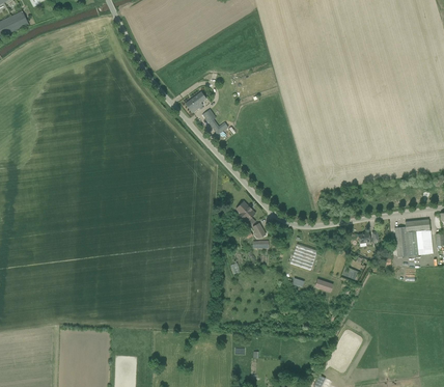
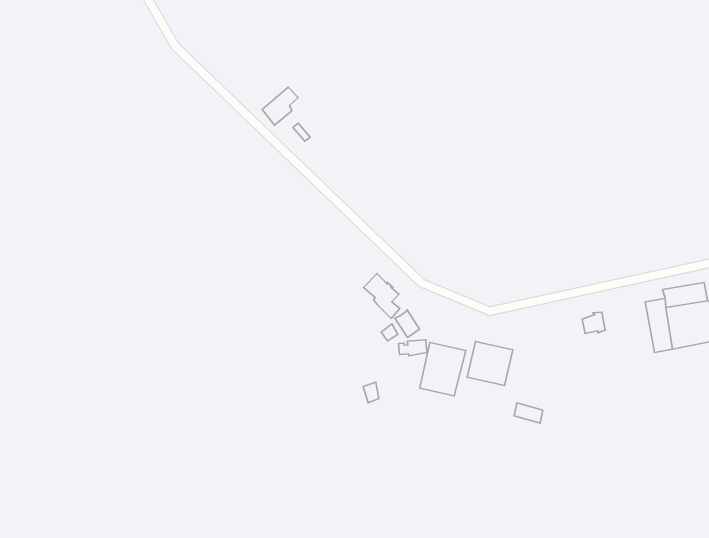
building: none -> [420,343,466,396]

